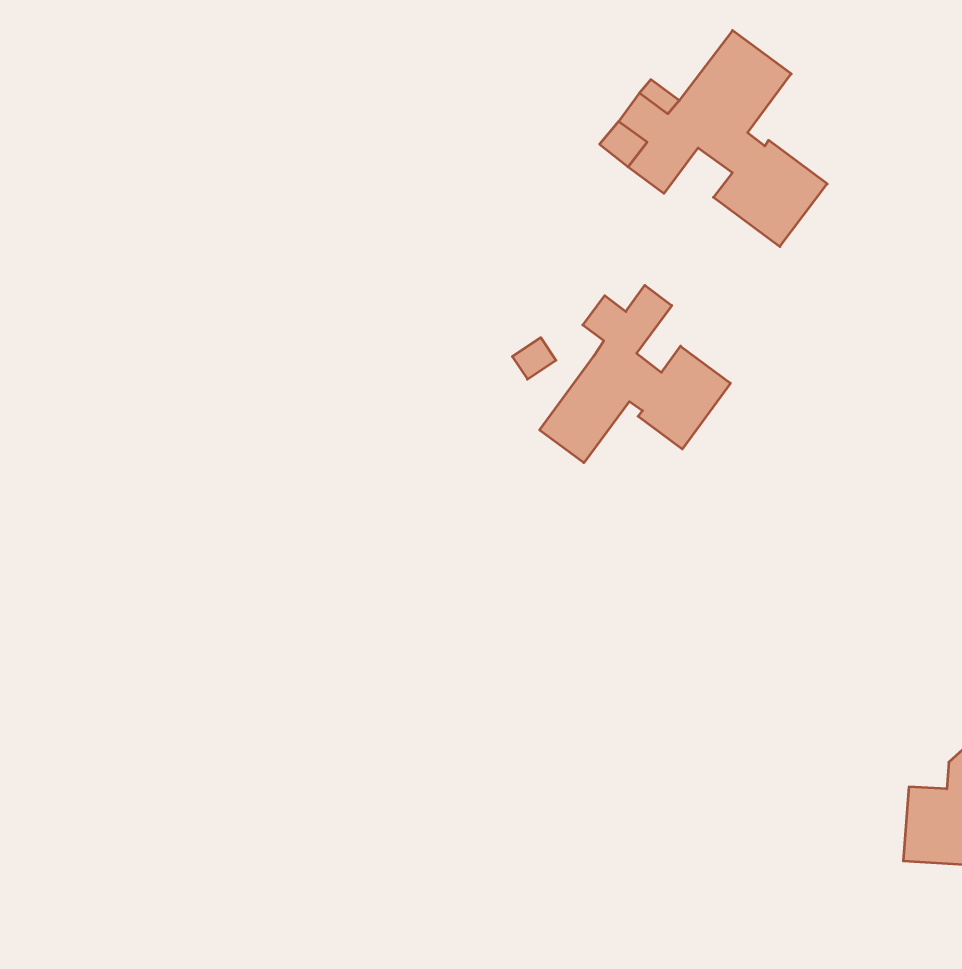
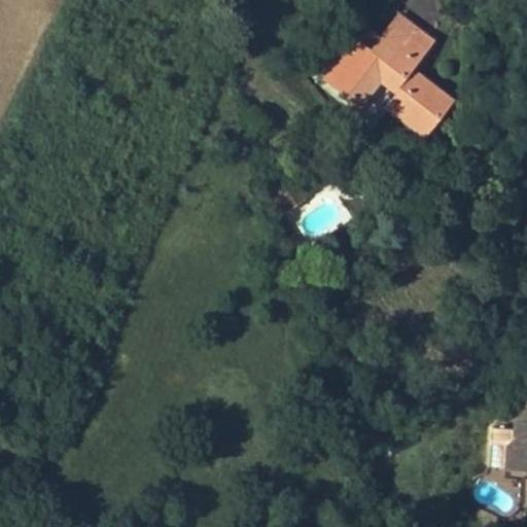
building: [540,285,730,463] -> none

